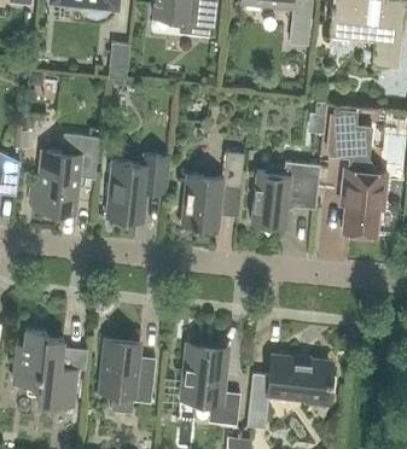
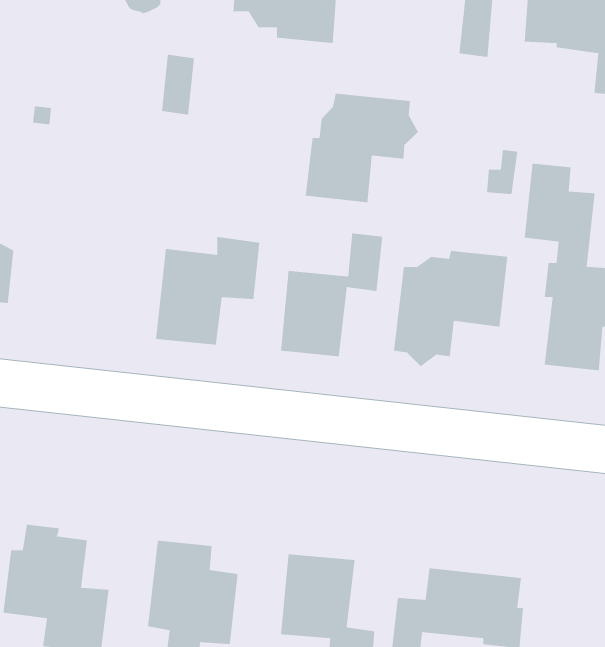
building: none -> [305,93,419,203]
building: [29,135,98,214] -> none

